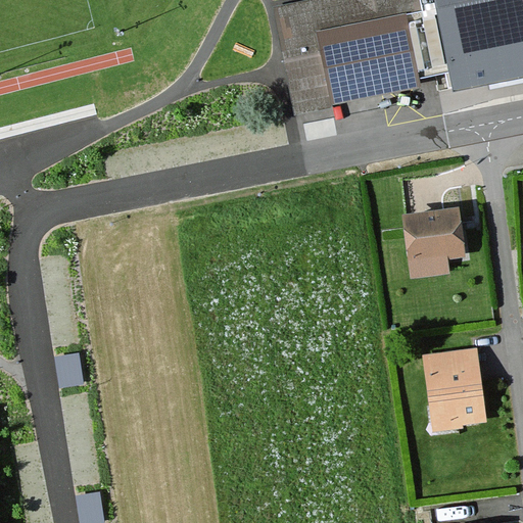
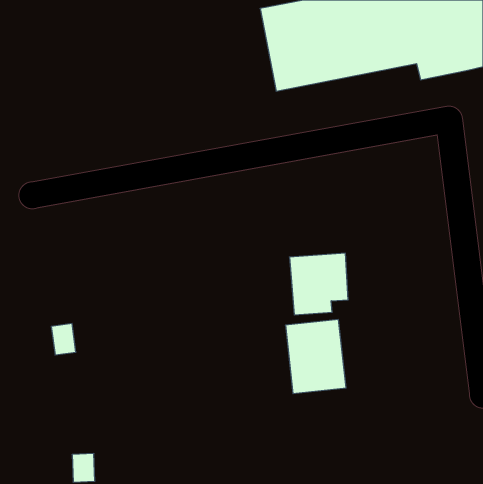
building: [407,208,470,275] -> [289,253,348,315]
building: [424,348,489,428] -> [285,320,346,394]

